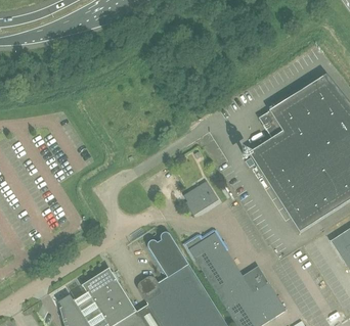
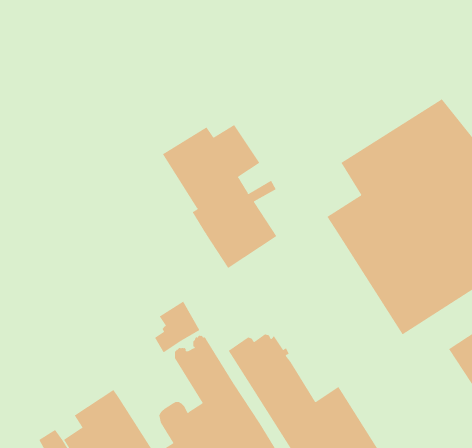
building: none -> [162,124,277,269]
building: [187,180,218,215] -> [154,301,200,353]

